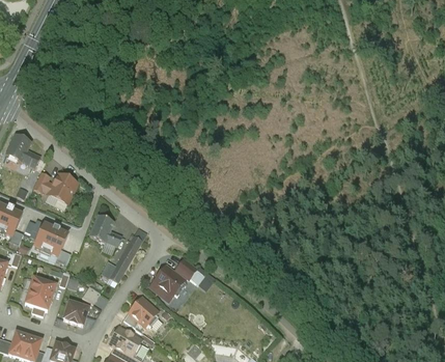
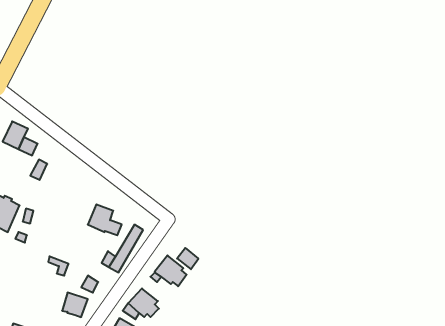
building: [49,173,77,202] -> none
building: [30,225,68,261] -> none
building: [22,279,54,311] -> none

